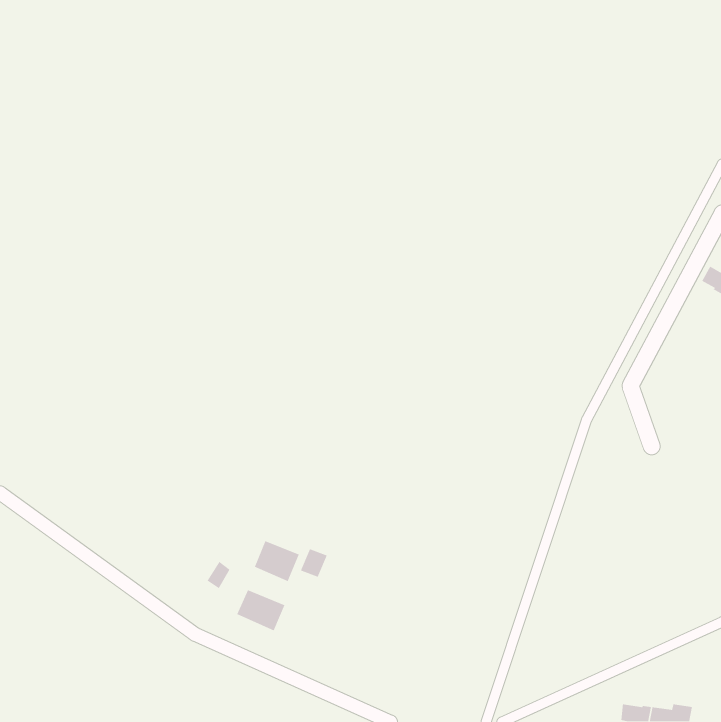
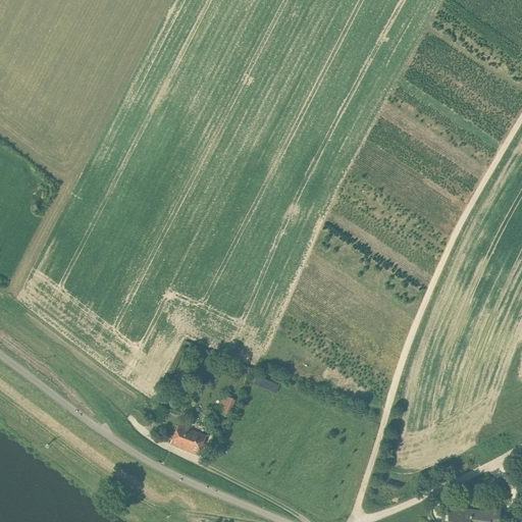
building: [254,540,300,582] -> none

